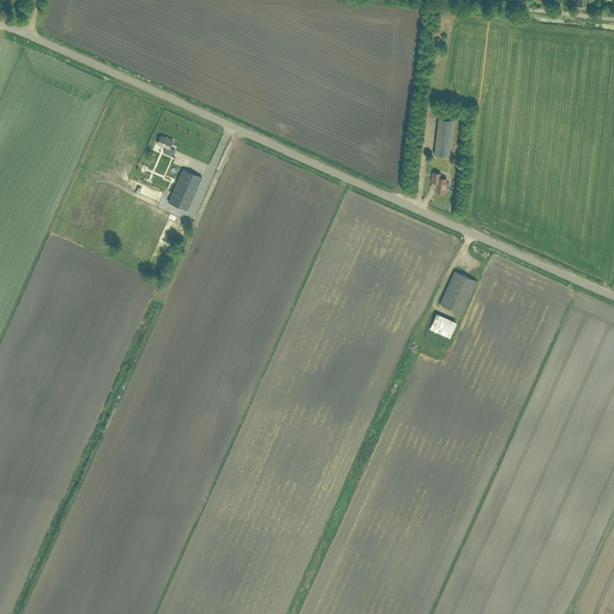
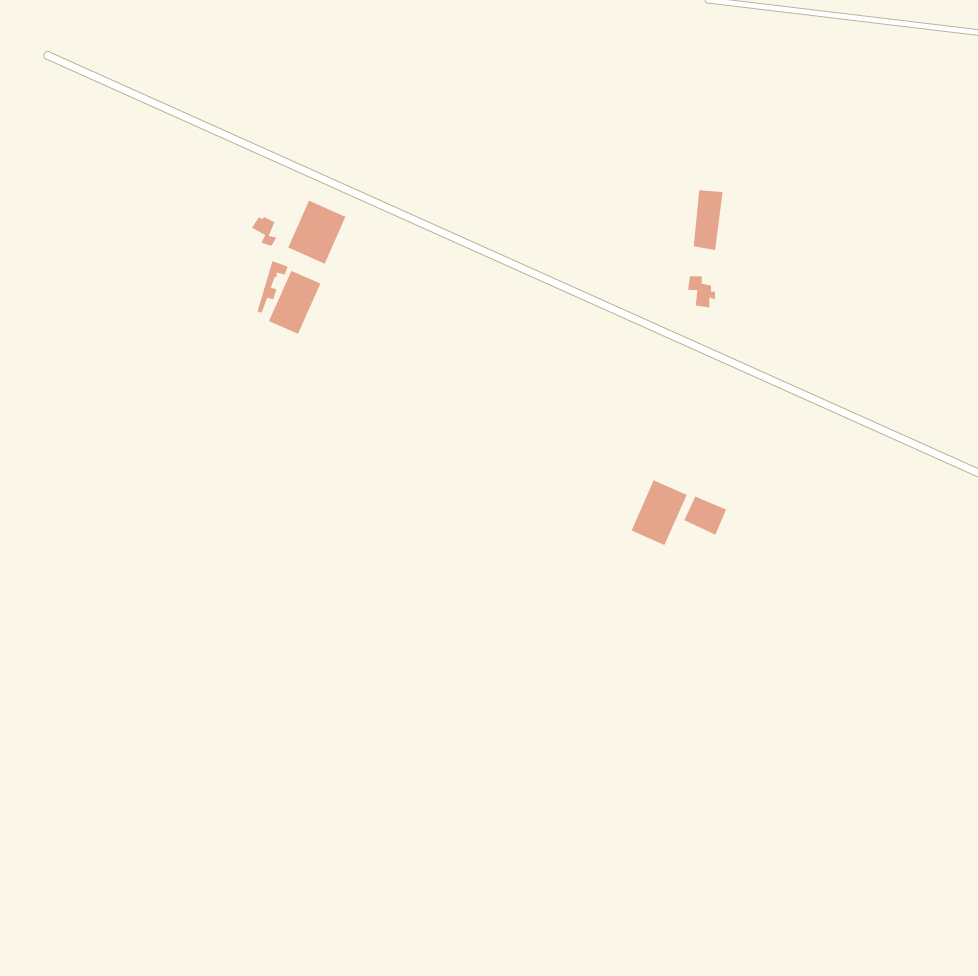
building: none -> [287,200,346,265]
building: [440,272,476,314] -> [630,479,688,546]

